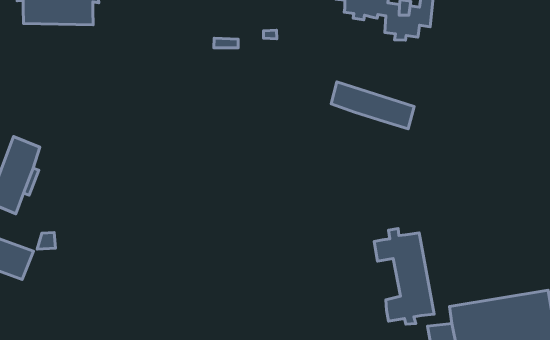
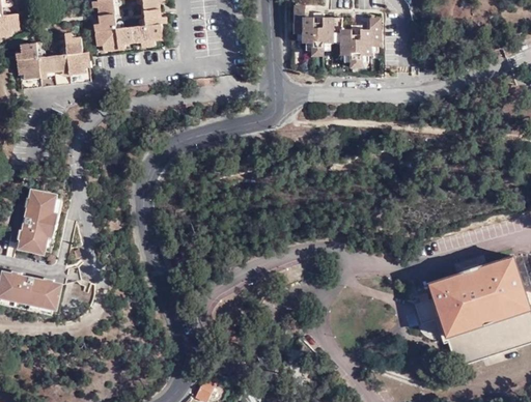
building: [331,82,414,129] -> none
building: [374,228,434,324] -> none

